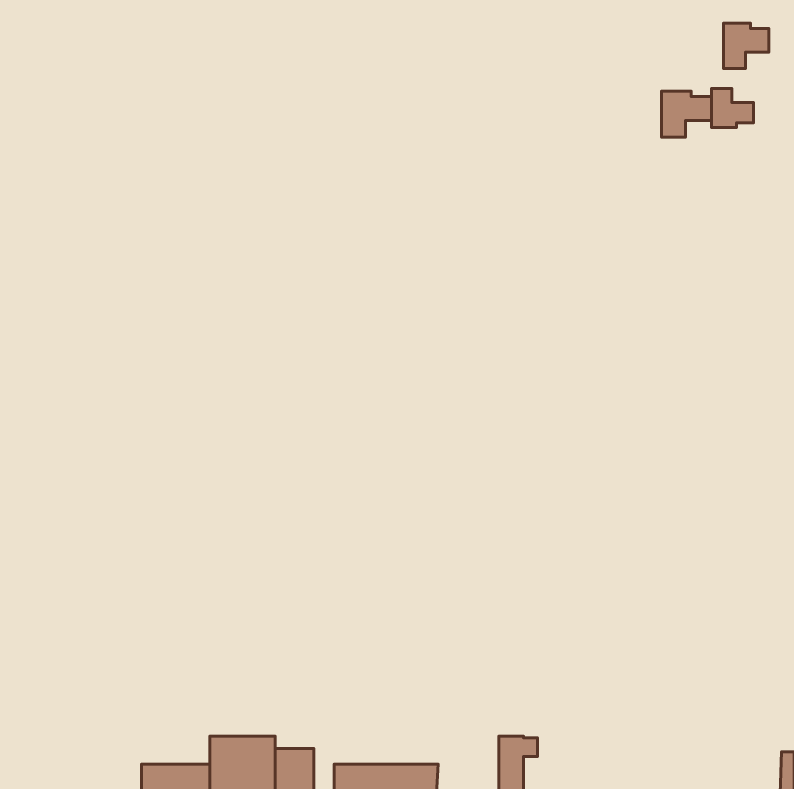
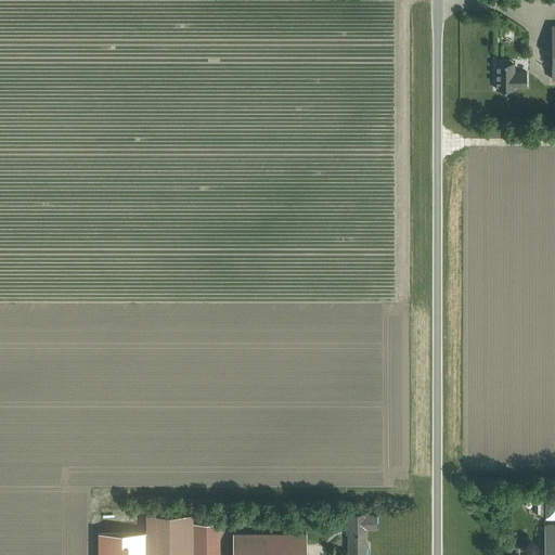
building: [724,23,769,69] -> none
building: [662,91,712,137] -> none

